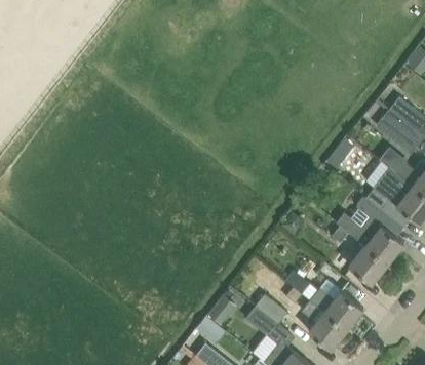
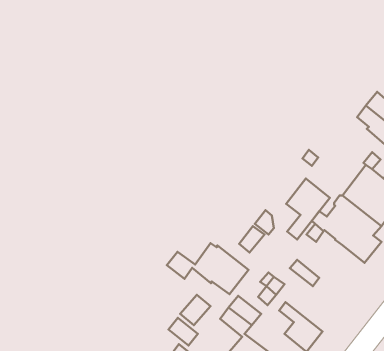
building: none -> [286,178,330,240]
building: none -> [167,243,249,294]
building: [349,246,387,284] -> none
building: [310,287,363,330] -> none

